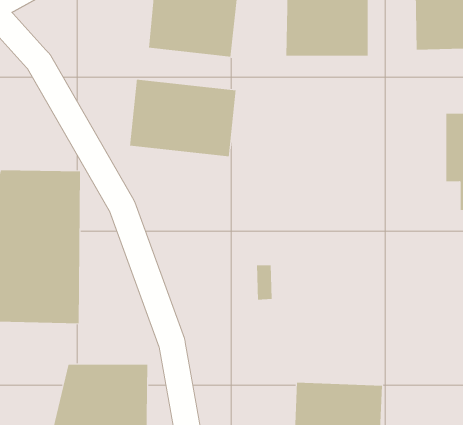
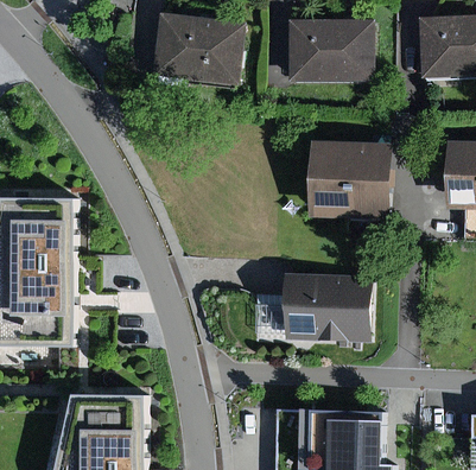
building: [130,79,236,157] -> none
building: none -> [307,140,395,230]
building: none -> [285,272,368,341]

